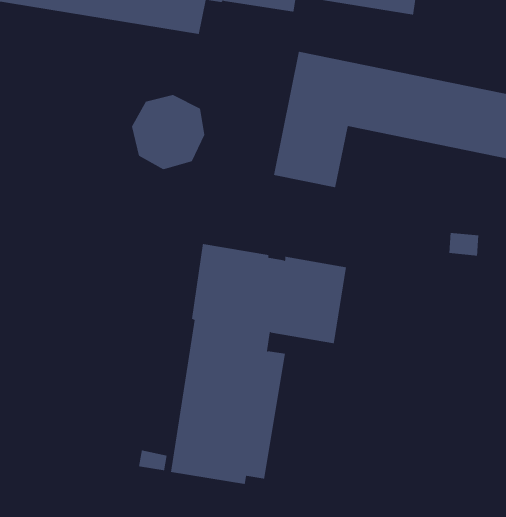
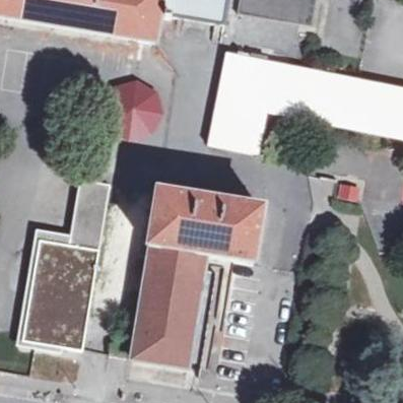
building: none -> [22,179,109,352]

